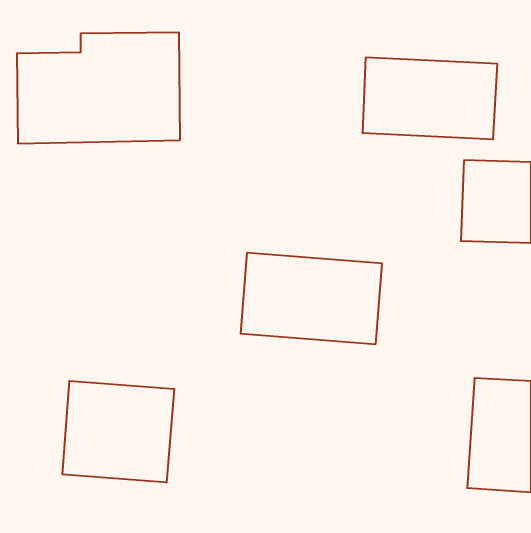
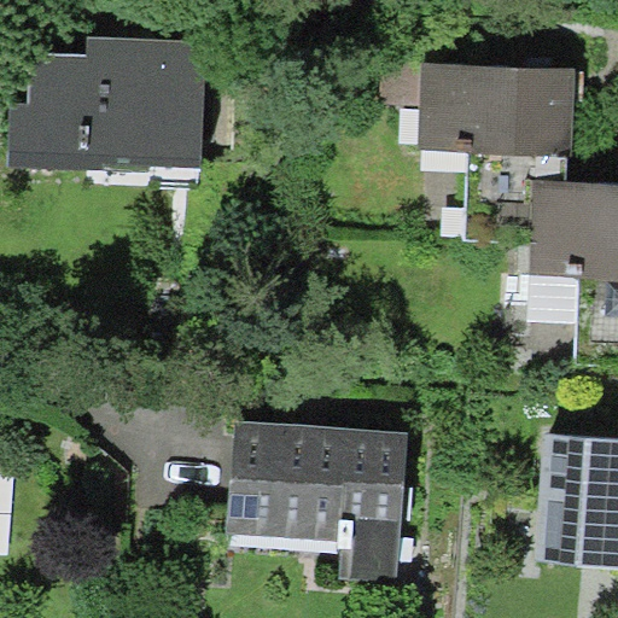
building: [241,253,382,344] -> [237,424,400,529]
building: [63,381,174,483] -> none

